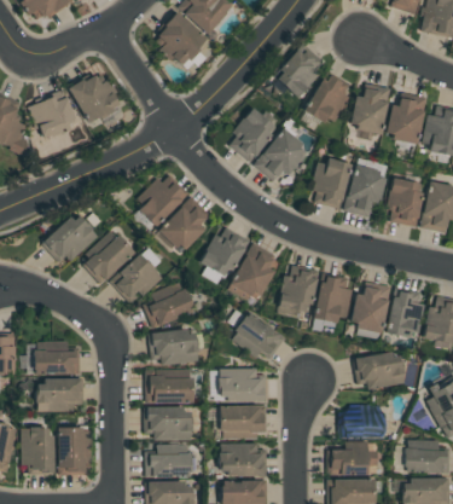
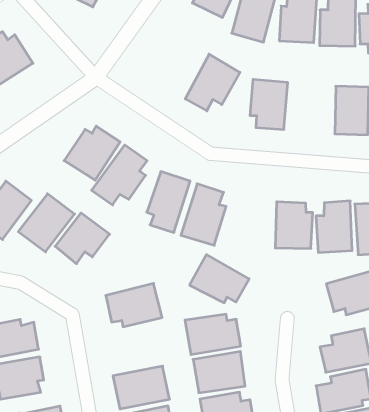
building: [231,106,275,161] -> none
building: [344,166,388,216] -> none
building: [281,267,315,315] -> none
building: [144,280,196,328] -> none
building: [147,369,194,402] -> none

